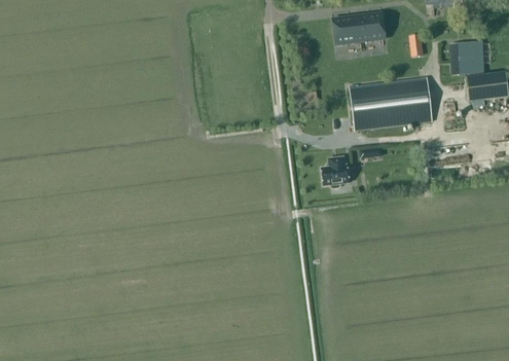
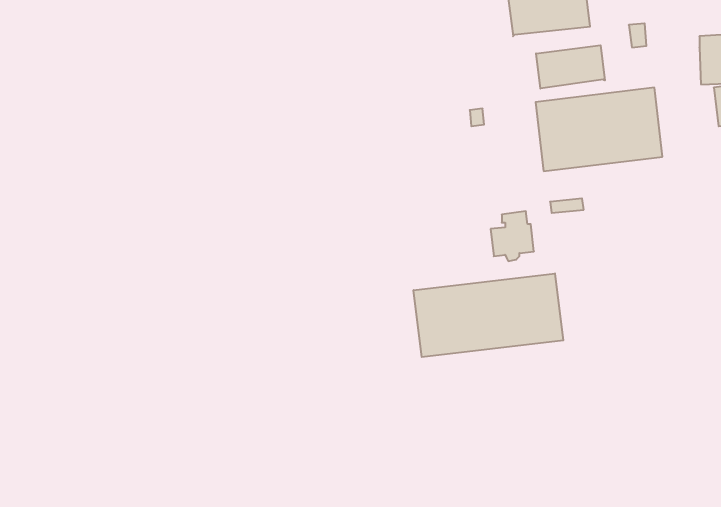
building: none -> [536,45,605,89]
building: none -> [414,273,563,357]

